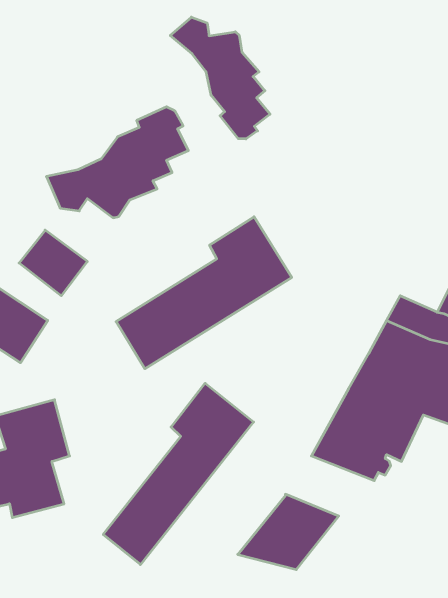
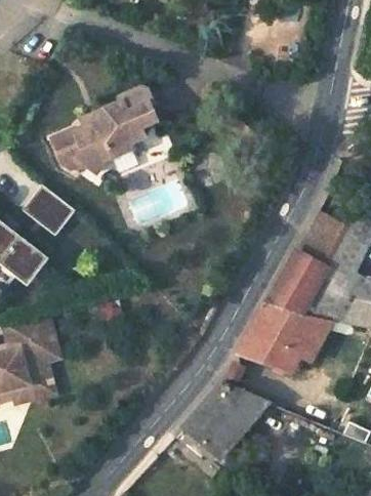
building: [170,17,270,139] -> none
building: [116,217,292,369] -> none
building: [103,383,254,565] -> none

